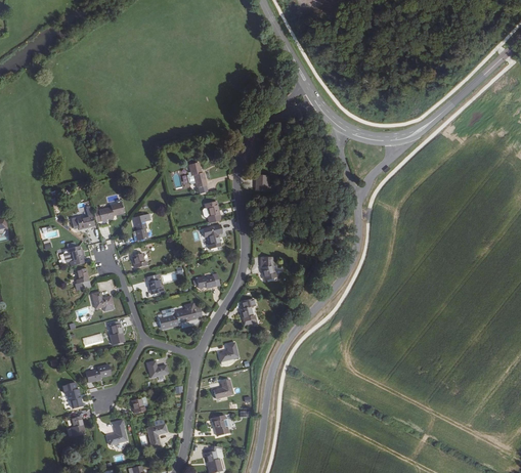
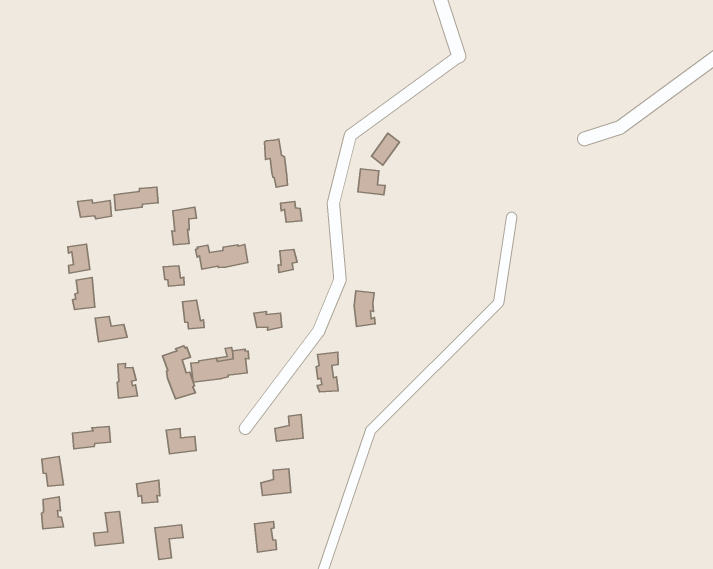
building: none -> [195,245,248,269]
building: none -> [162,346,196,399]

